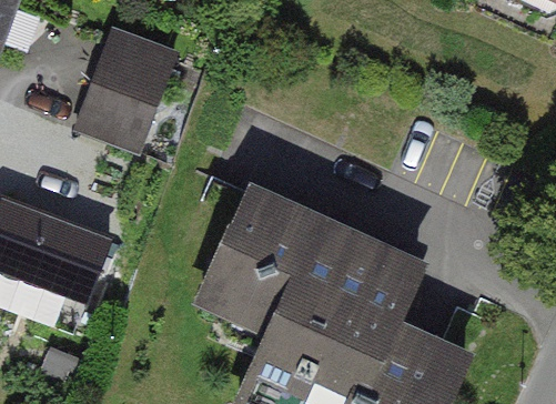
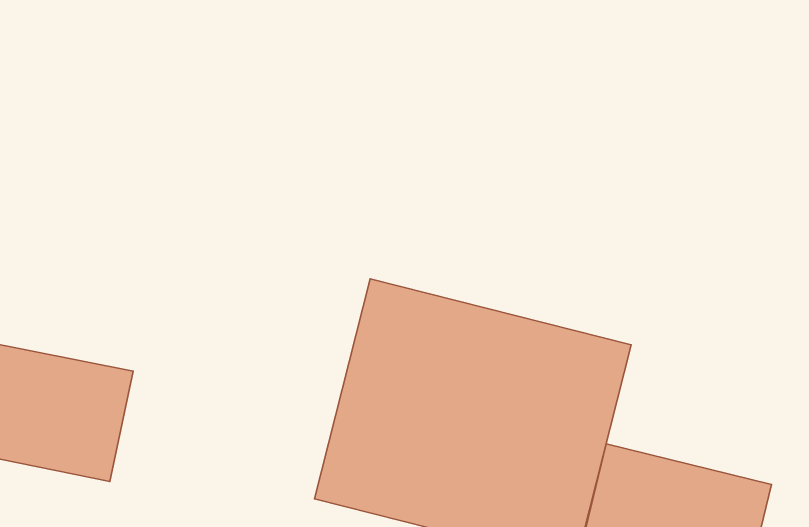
building: [62,21,172,152] -> none

